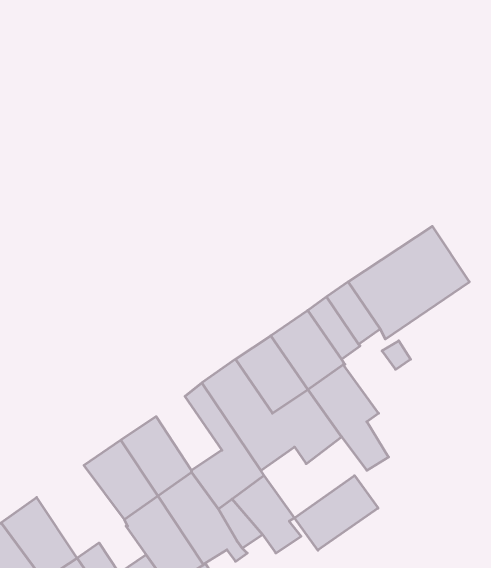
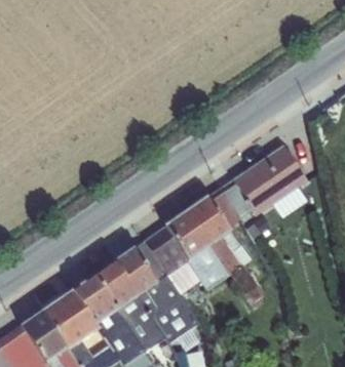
building: none -> [115,249,155,294]
building: none -> [42,291,98,348]
building: [294,476,378,550] -> none

